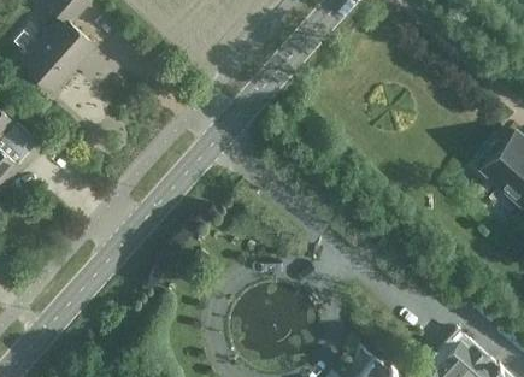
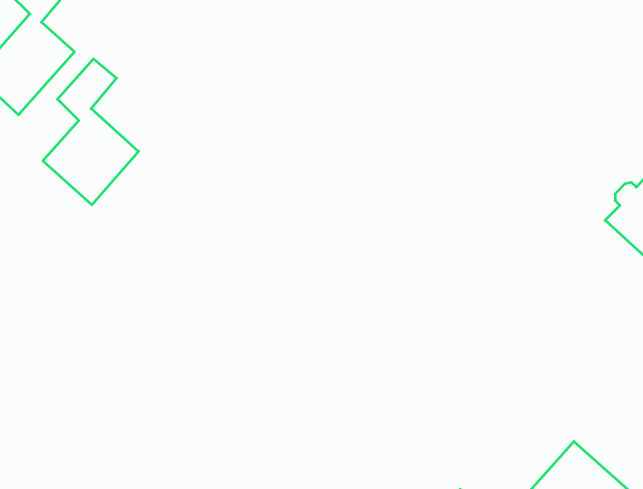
building: none -> [43,59,139,205]

